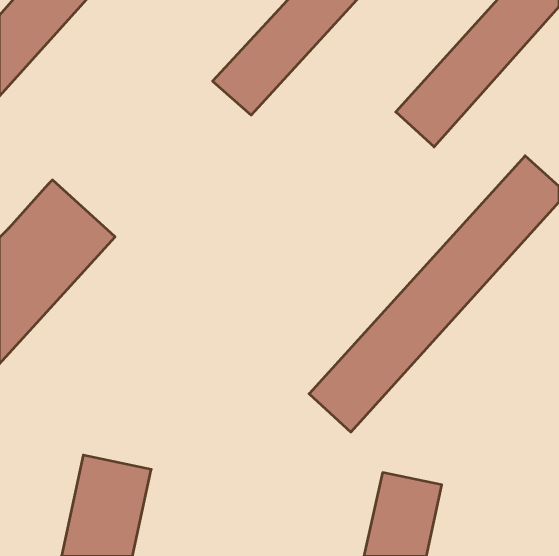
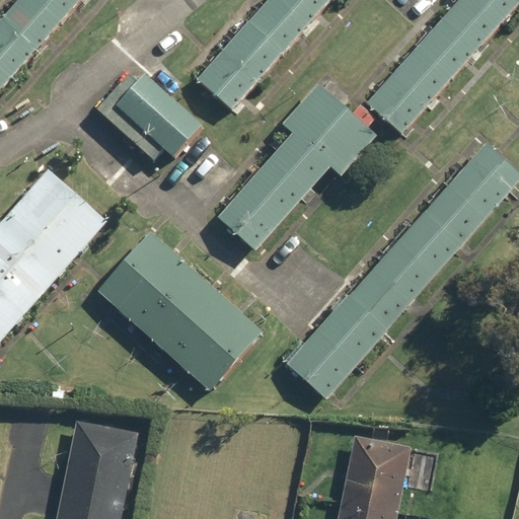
building: none -> [95,63,204,162]
building: none -> [214,79,376,252]
building: none -> [95,230,262,391]

